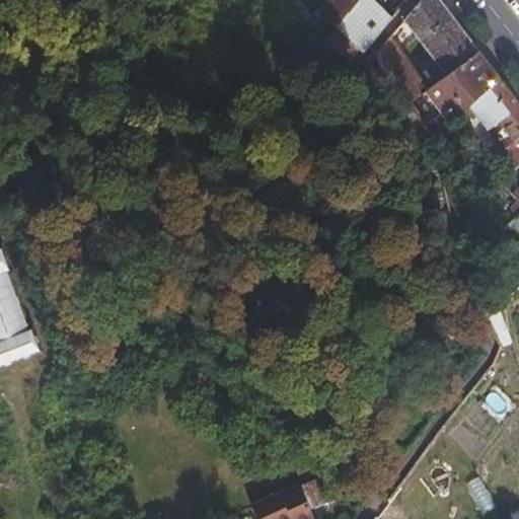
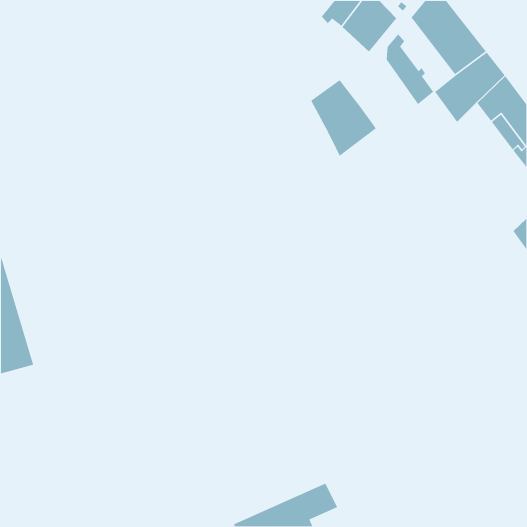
building: none -> [310,79,377,157]

